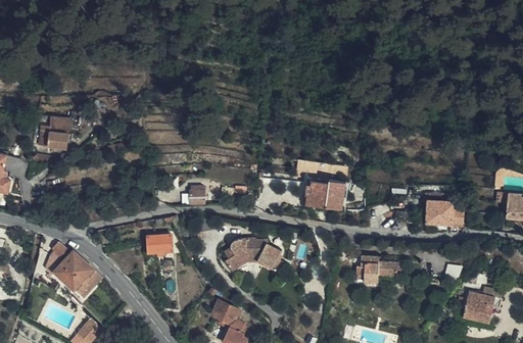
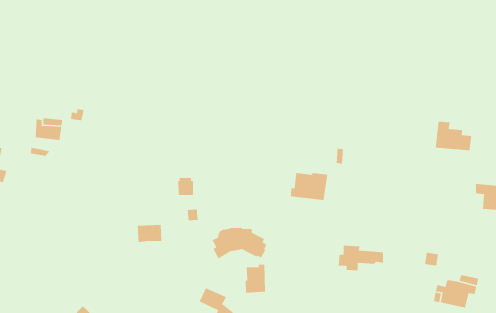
building: [425,194,464,226] -> [435,121,472,151]
building: [52,242,102,297] -> none
building: none -> [245,264,266,293]

